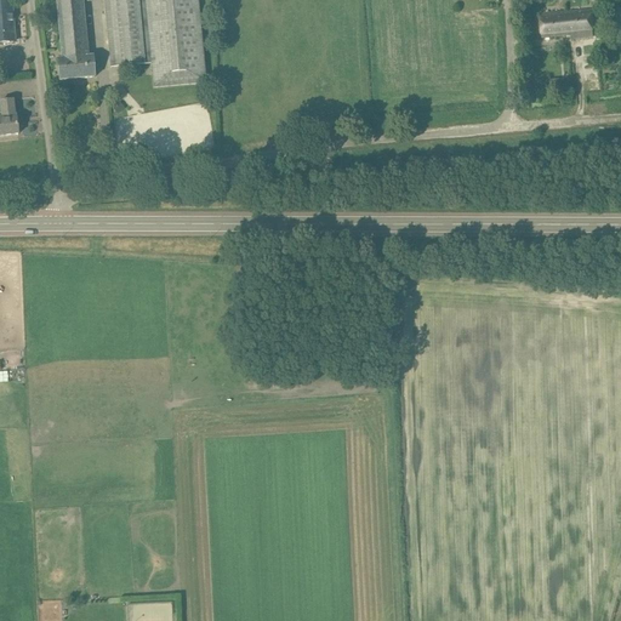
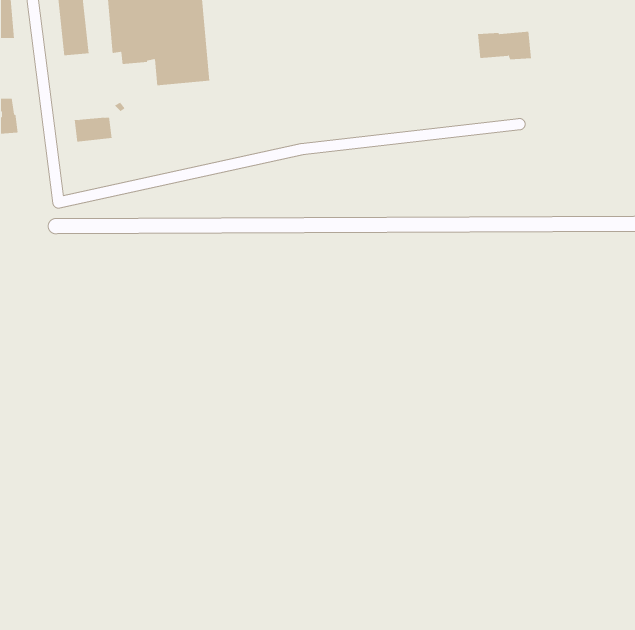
building: [540,7,593,35] -> [477,31,532,60]
building: [57,52,95,76] -> [74,117,112,142]

